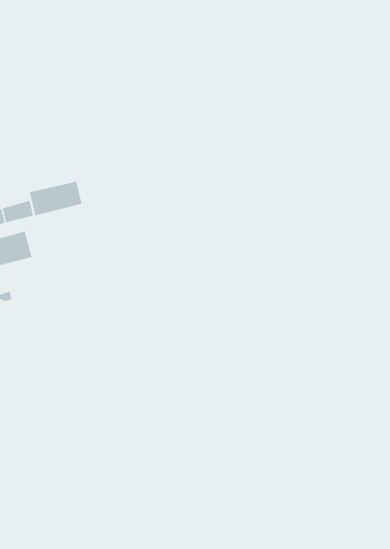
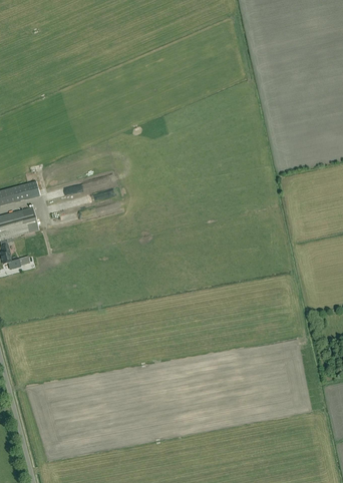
building: [29,181,83,216] -> none

